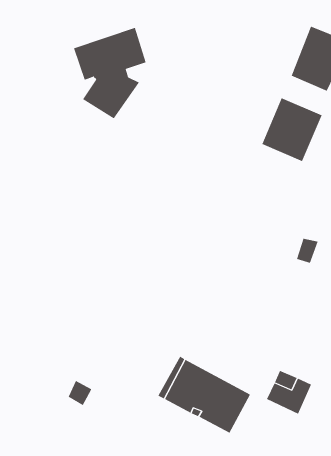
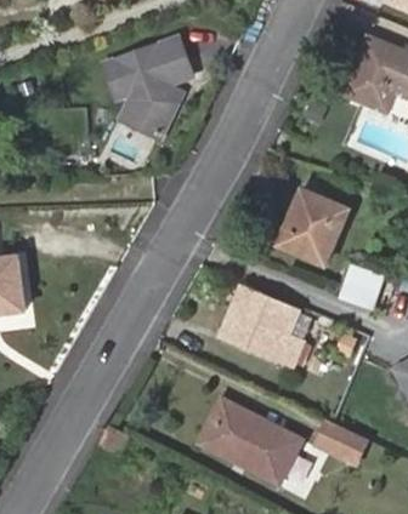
building: [261,97,322,162] -> [280,192,347,262]
building: none -> [221,287,300,362]

